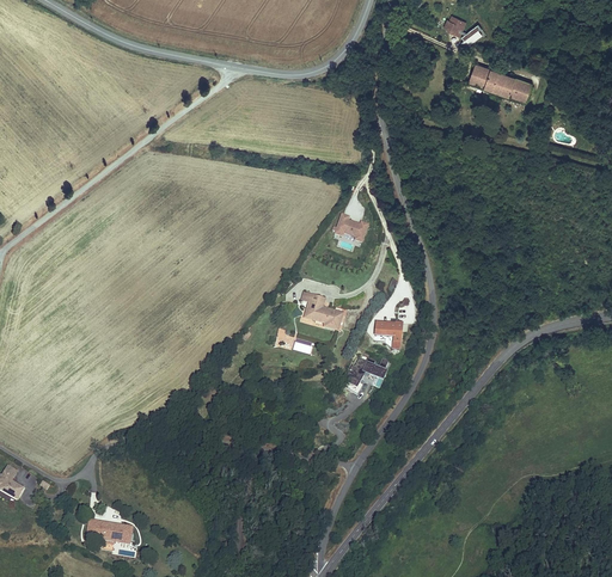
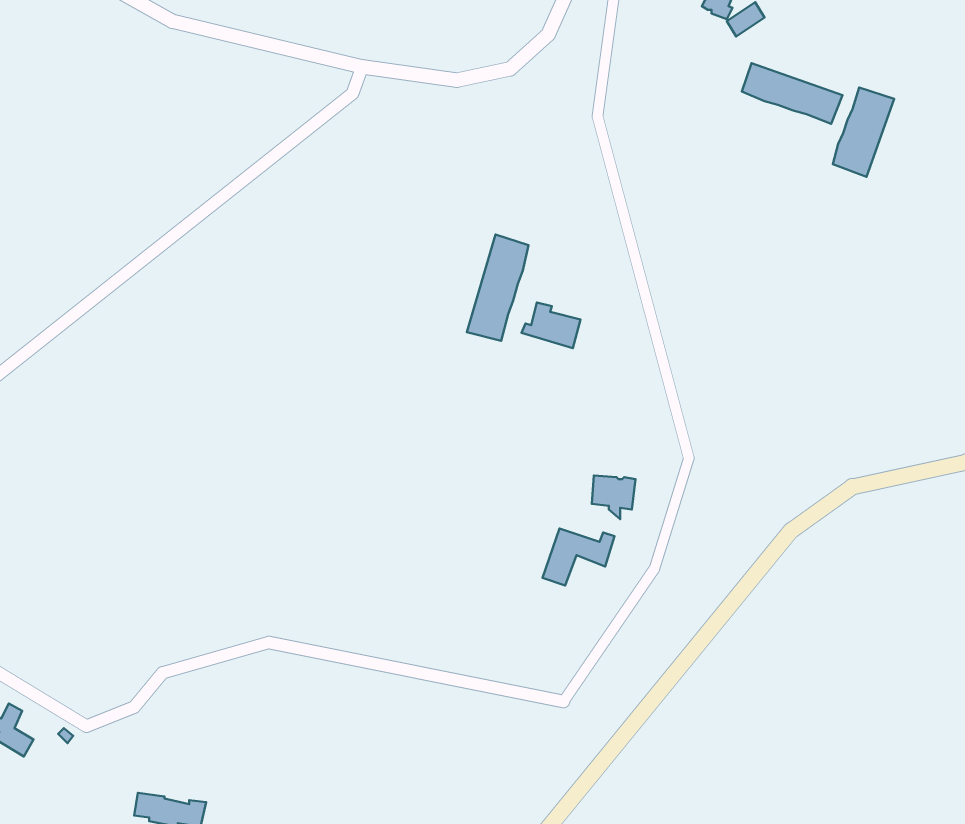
building: none -> [833,87,894,177]
building: none -> [467,235,529,341]
building: [302,293,343,330] -> none

